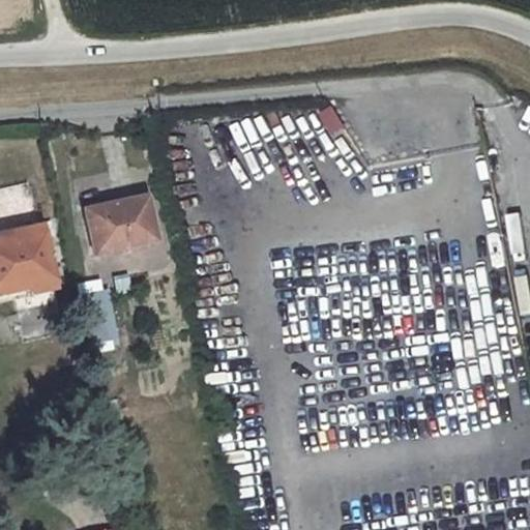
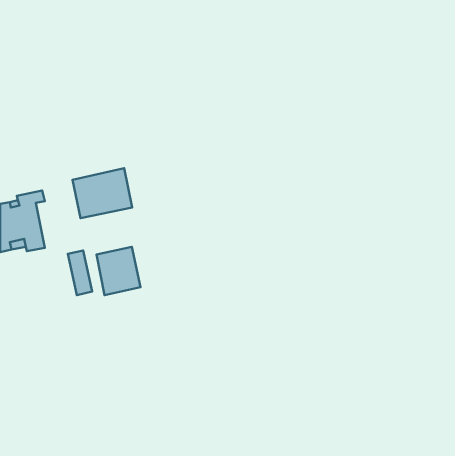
building: none -> [97,247,141,295]

